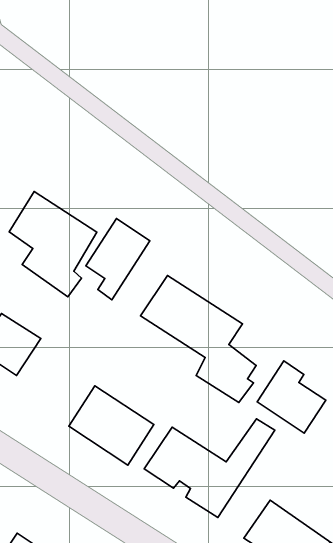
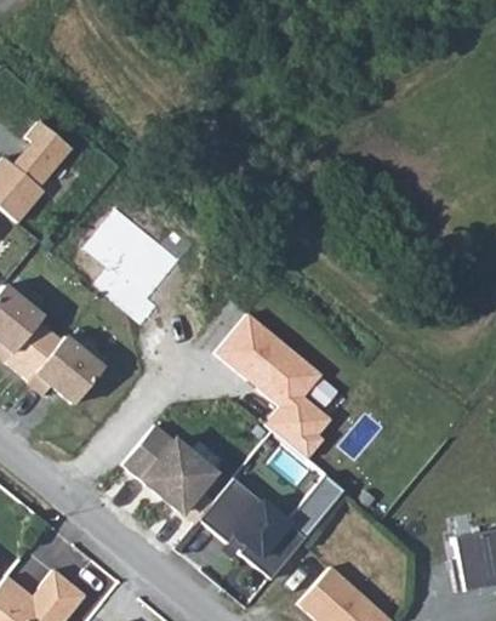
building: [86,218,150,300] -> none
building: [257,361,326,433] -> none

